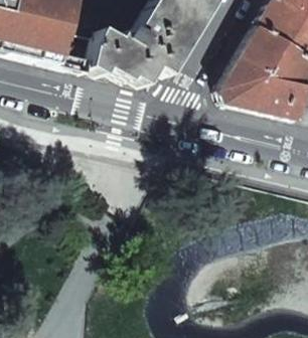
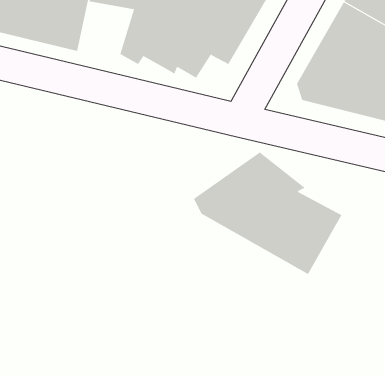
building: none -> [193,151,342,275]

